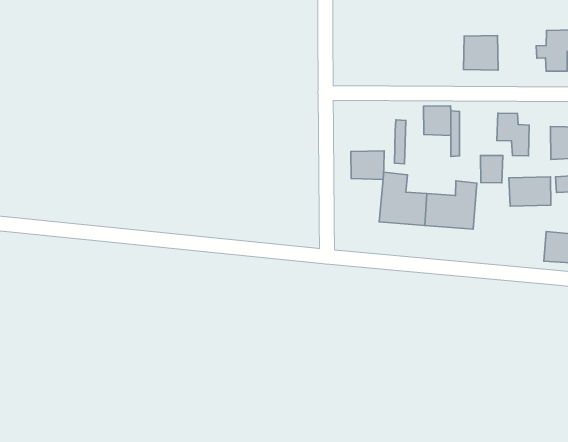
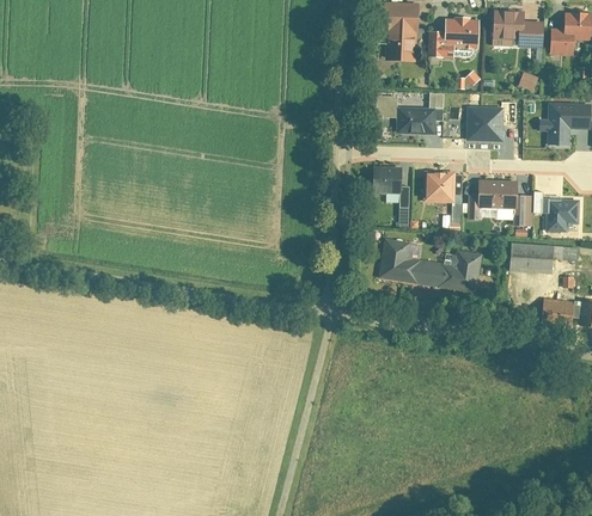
building: none -> [395,107,435,134]
building: [351,151,384,179] -> [372,164,405,192]
building: [481,155,503,183] -> [481,179,503,207]

